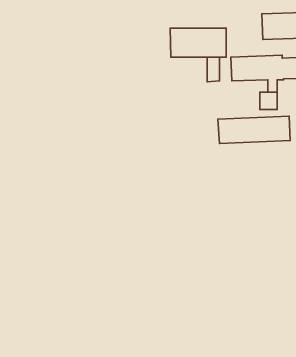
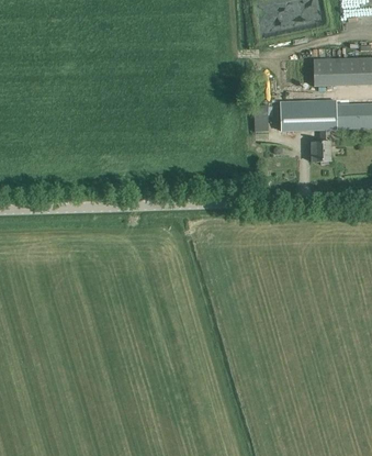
building: [170,28,226,57] -> none
building: [218,116,290,143] -> none

